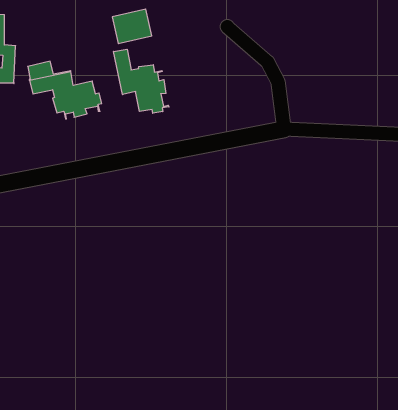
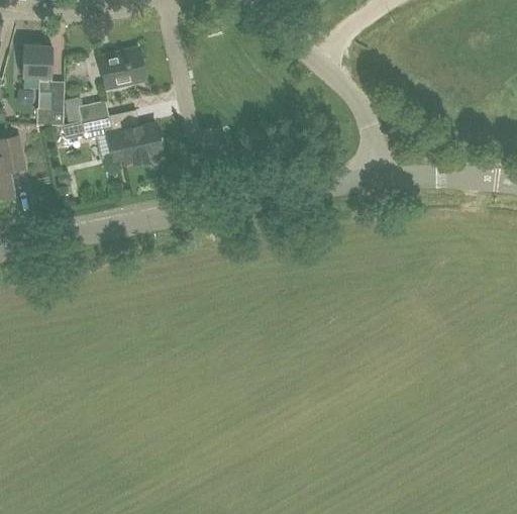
building: [112,9,152,44] -> [98,48,144,89]
building: [114,49,169,113] -> none

